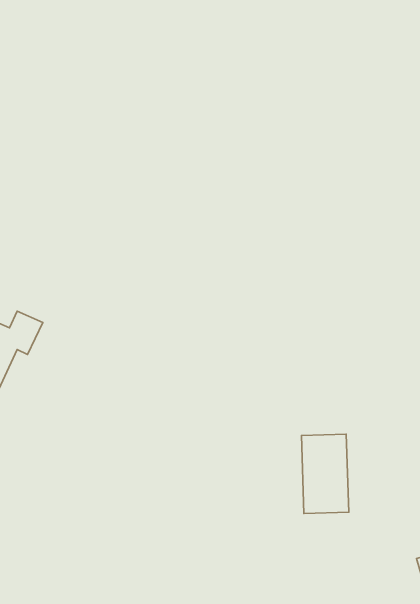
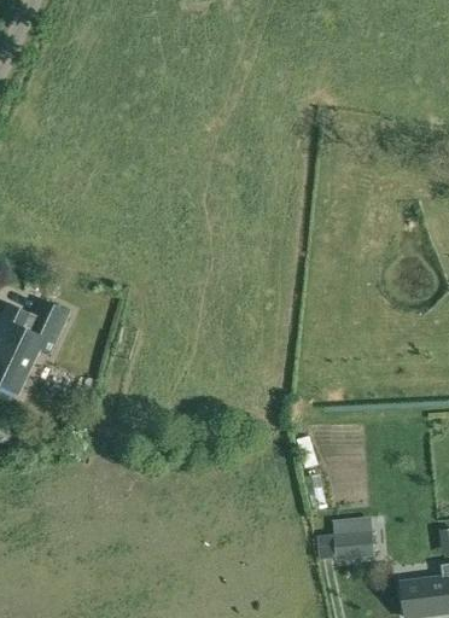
building: none -> [334,531,375,555]

